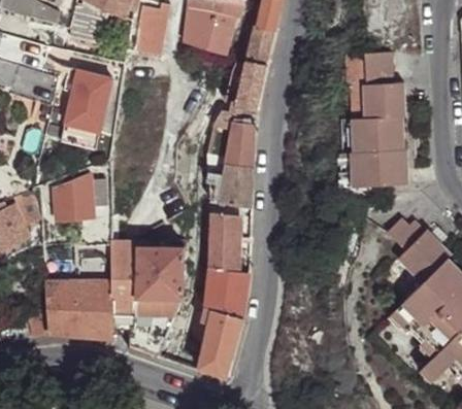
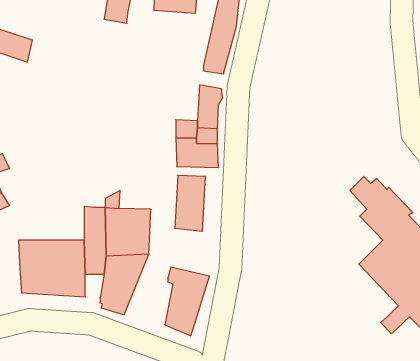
building: [349,52,408,185] -> none
building: [64,69,112,132] -> none
building: [54,173,93,221] -> none
building: [202,269,250,318] -> none

